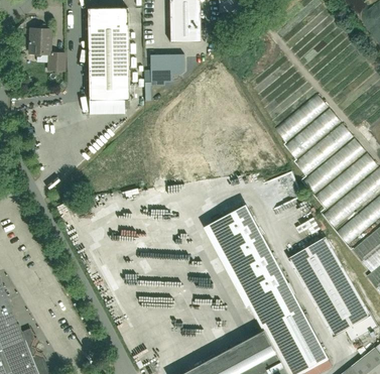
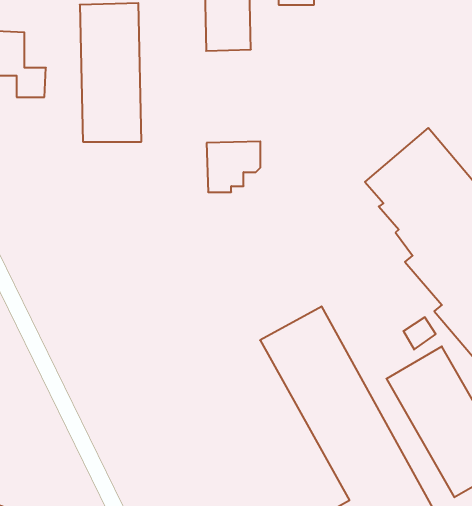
building: [150,54,185,88] -> [207,141,260,192]

